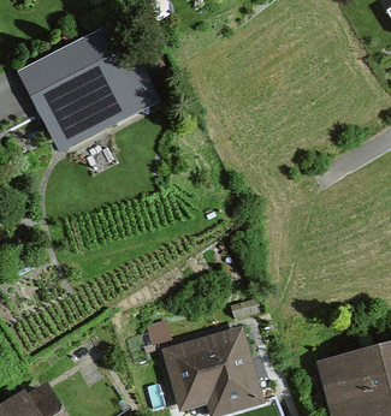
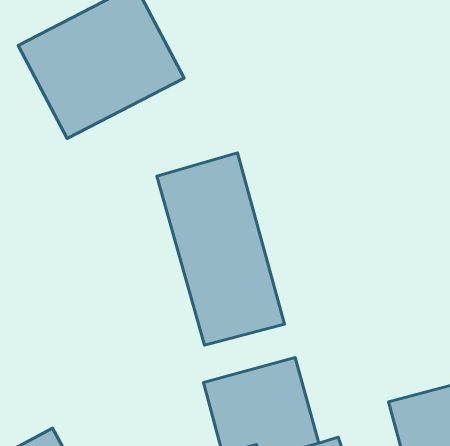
building: none -> [157,153,285,345]

